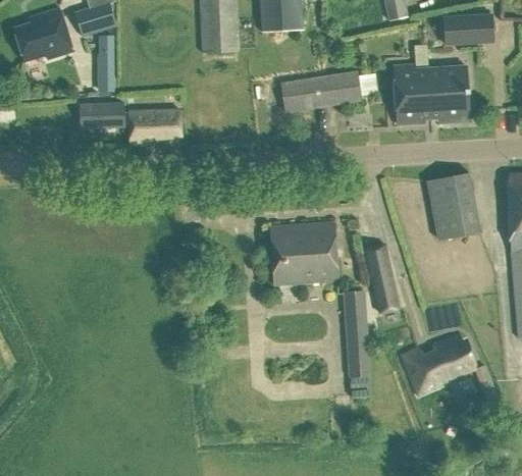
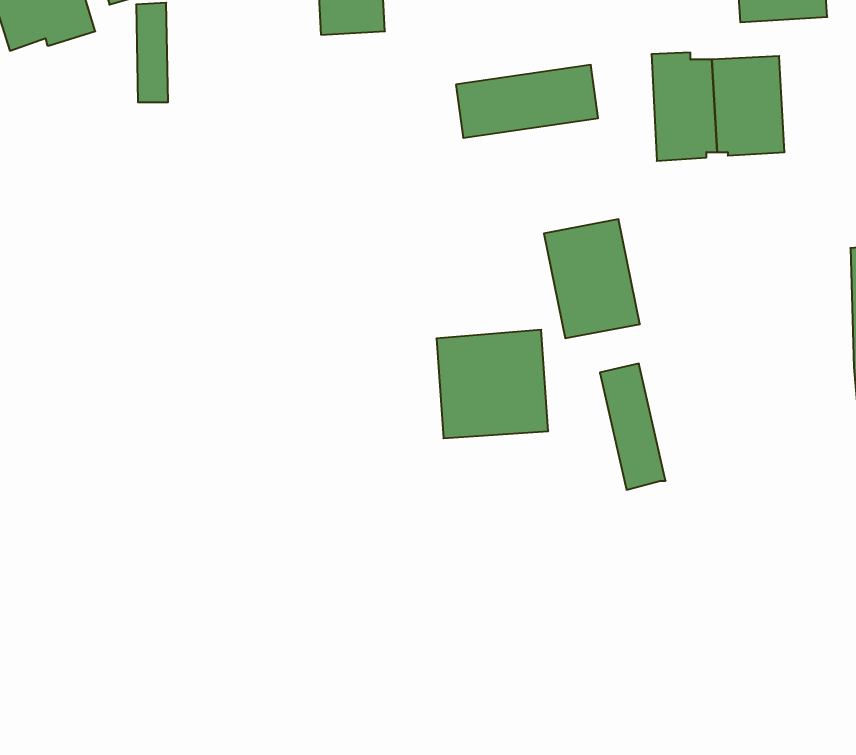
building: [81,103,181,144] -> none
building: [427,171,482,240] -> [544,219,640,338]
building: [344,290,371,376] -> none
building: [398,334,470,390] -> none

